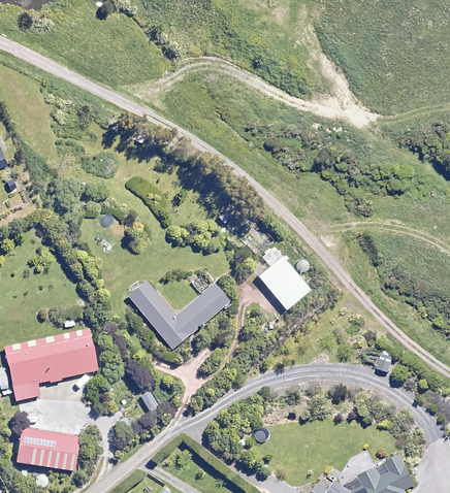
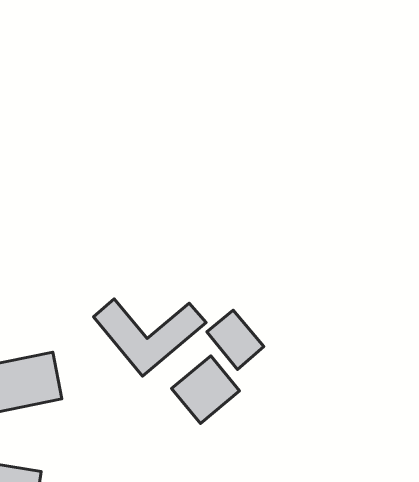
building: [258,257,310,310] -> [207,310,264,369]
building: none -> [172,356,240,424]

